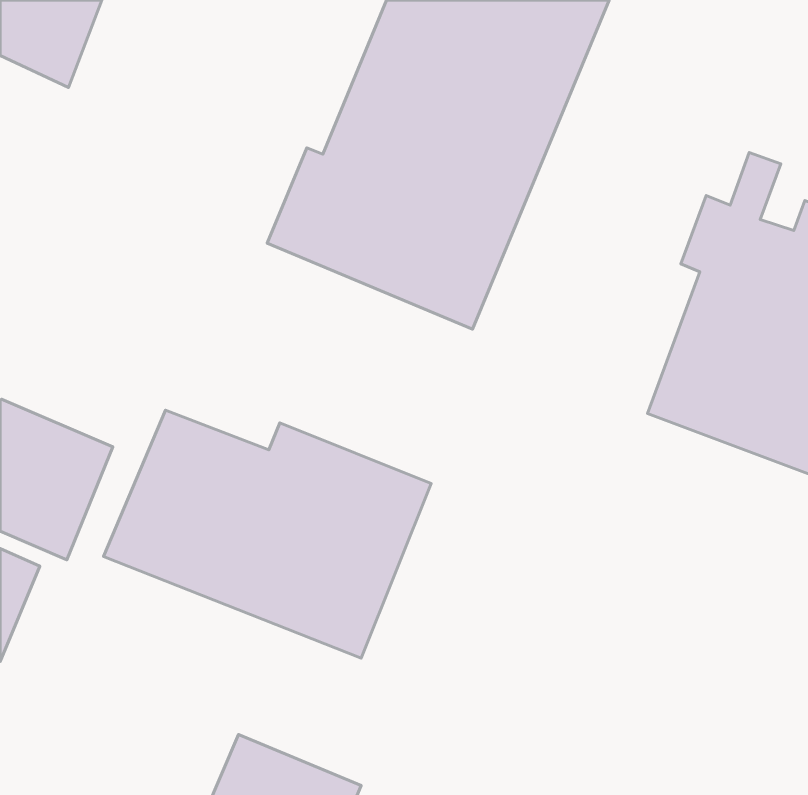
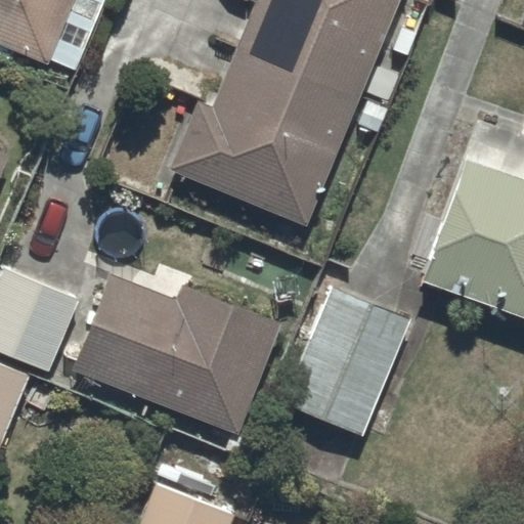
building: none -> [283,290,409,434]

